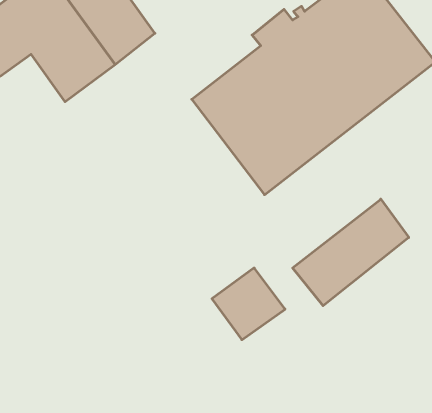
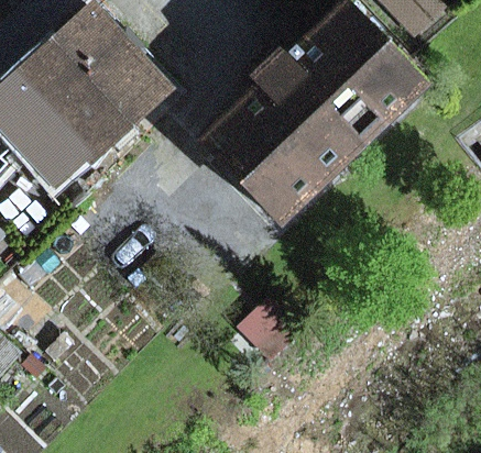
building: [293,199,409,306] -> none

